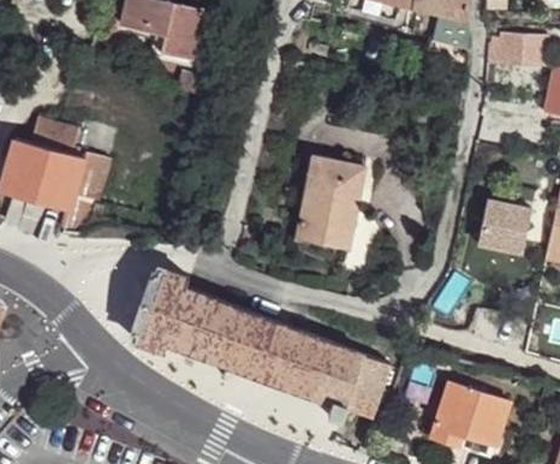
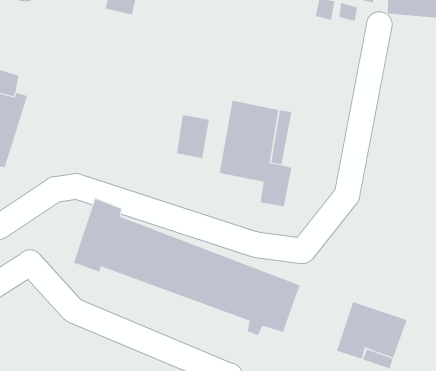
building: [71,151,109,207] -> none
building: none -> [177,114,210,159]
building: [476,202,529,255] -> none

